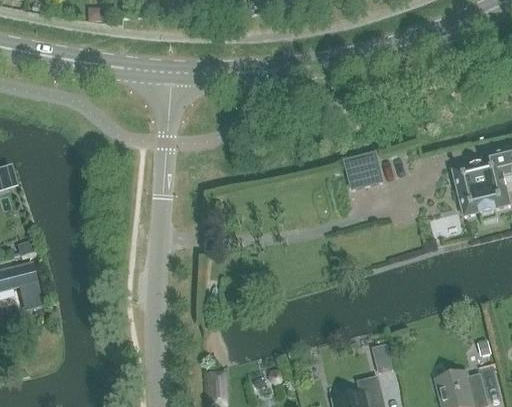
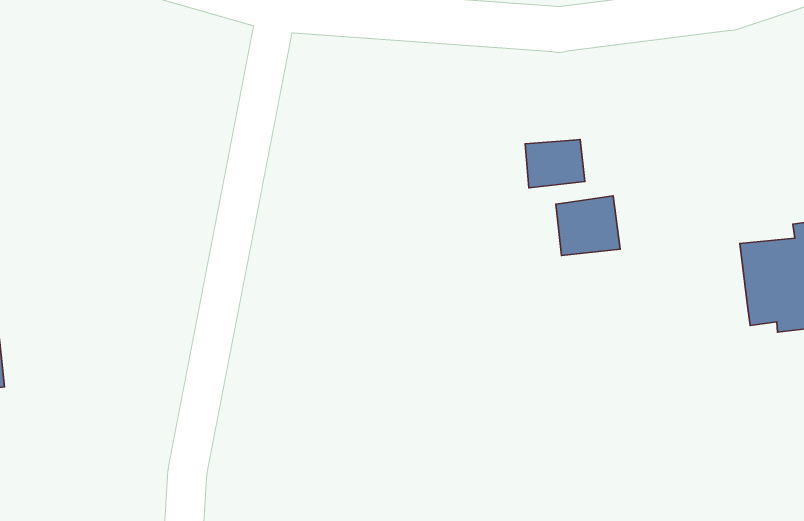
building: none -> [525,139,585,188]

